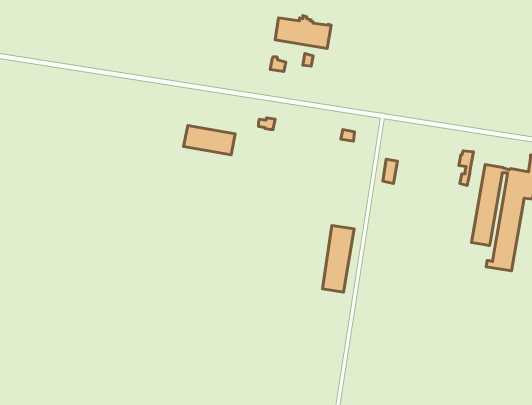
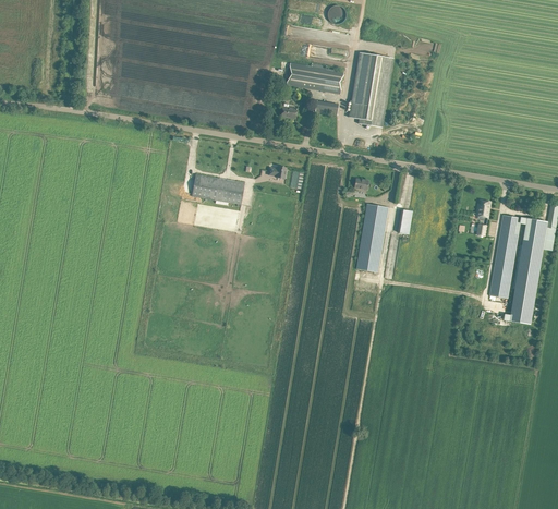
building: none -> [349,51,391,125]
building: [322,226,354,292] -> [355,203,388,271]

